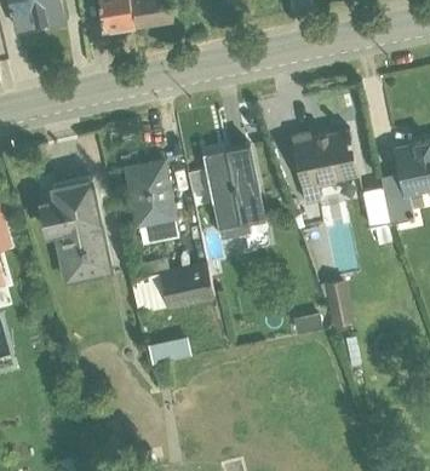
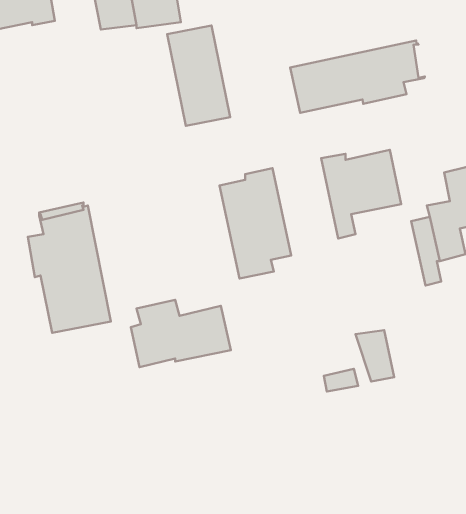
building: none -> [290,40,425,113]
building: [125,160,178,245] -> [167,26,230,126]
building: [147,335,189,363] -> none

